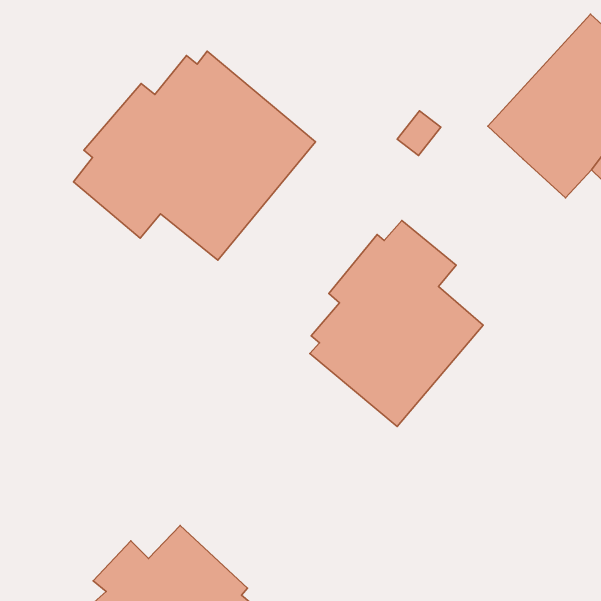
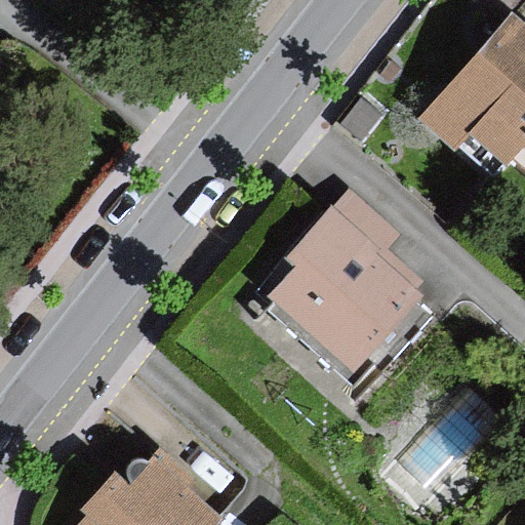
building: [73,51,315,260] -> none

